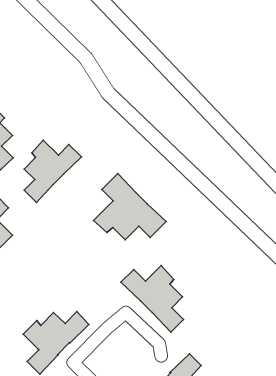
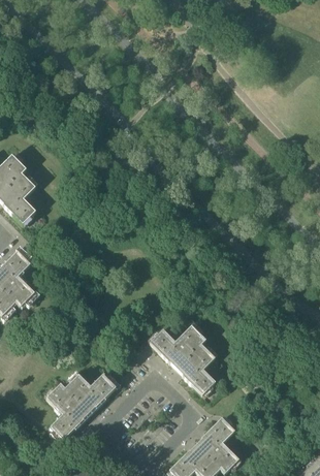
building: [24,140,81,202] -> none
building: [93,173,166,240] -> none

